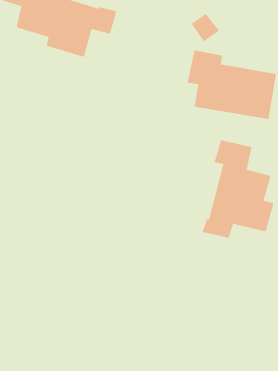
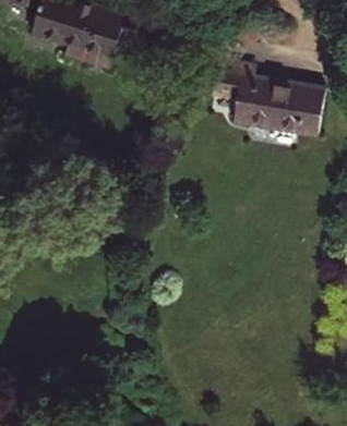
building: [202,139,274,238] -> none

